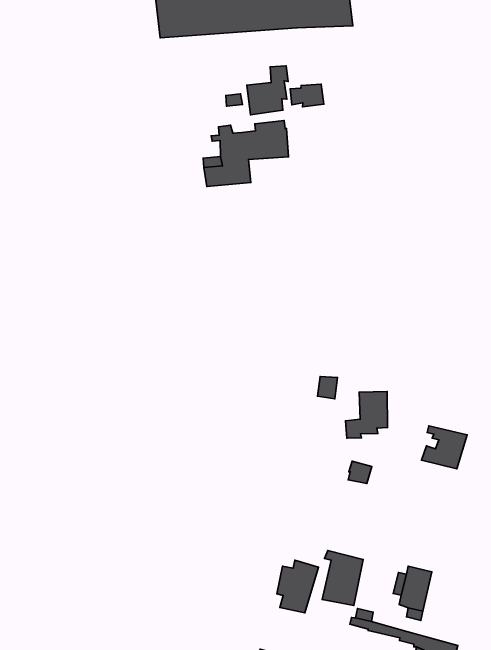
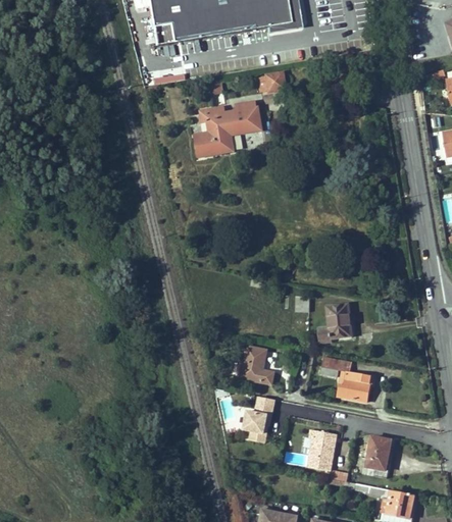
building: [247,66,288,115] -> none
building: [421,426,467,469] -> [339,370,372,402]
building: none -> [242,347,273,383]
building: [277,560,318,613] -> [245,403,275,442]

